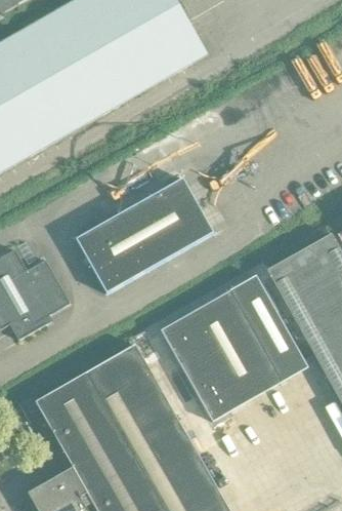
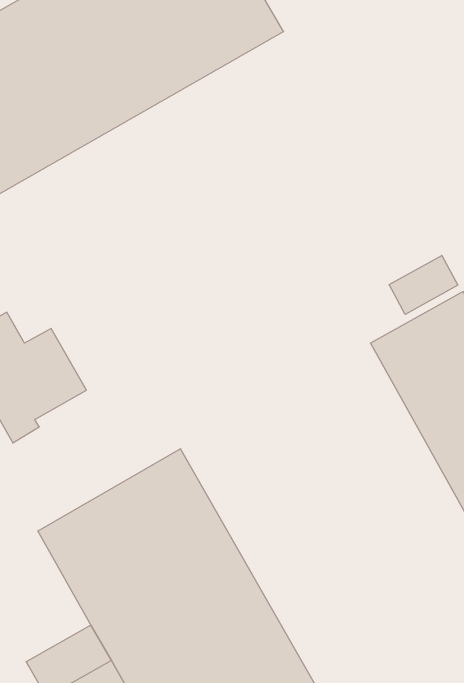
building: [76,179,214,293] -> none
building: none -> [389,255,458,314]
building: [160,275,305,421] -> none

